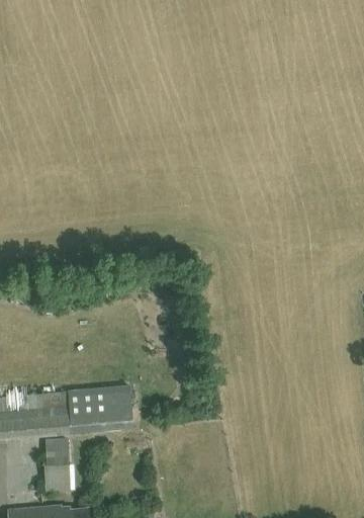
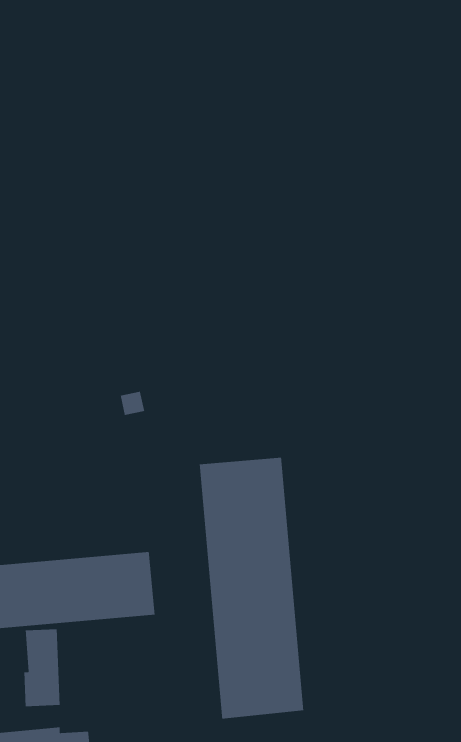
building: none -> [199,457,304,720]

